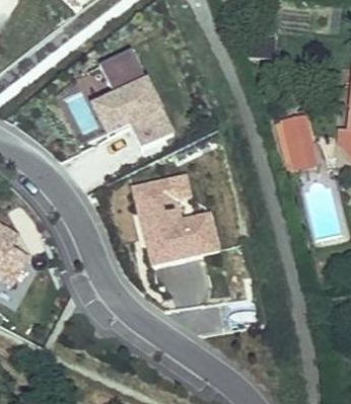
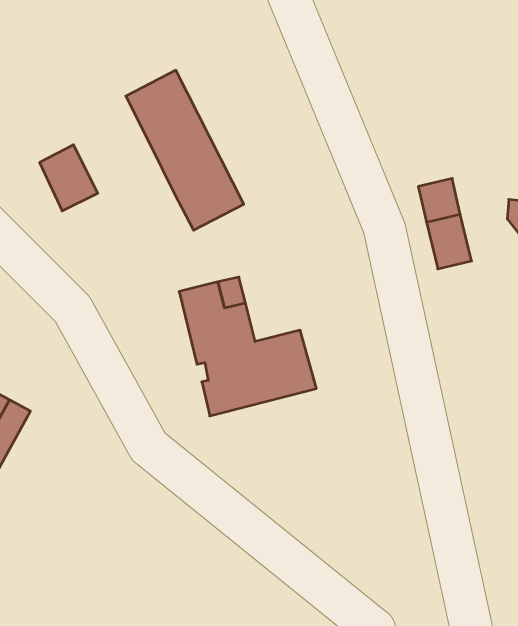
building: [93,94,130,136] -> [40,145,98,211]

